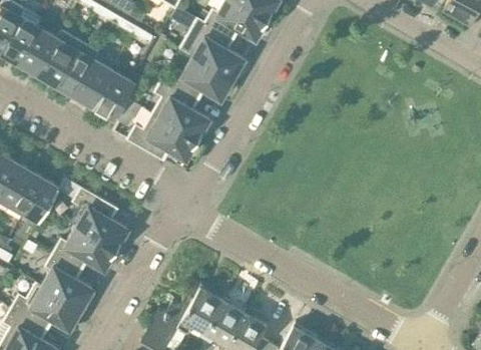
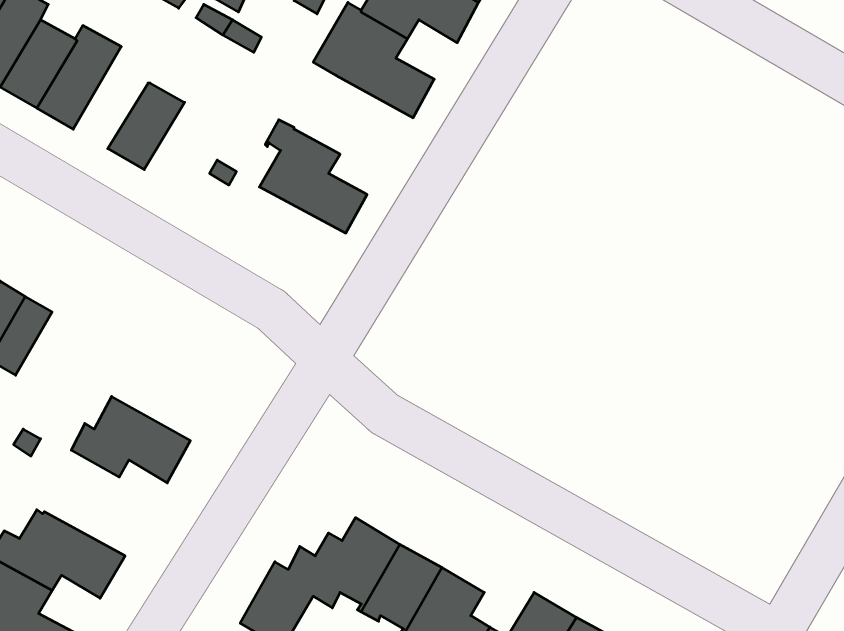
building: [55,43,99,96] -> none
building: [170,58,232,100] -> none
building: [92,72,132,119] -> none
building: [127,116,197,162] -> none
building: [25,182,58,223] -> none
building: [71,190,127,249] -> none
building: [40,254,92,309] -> none

